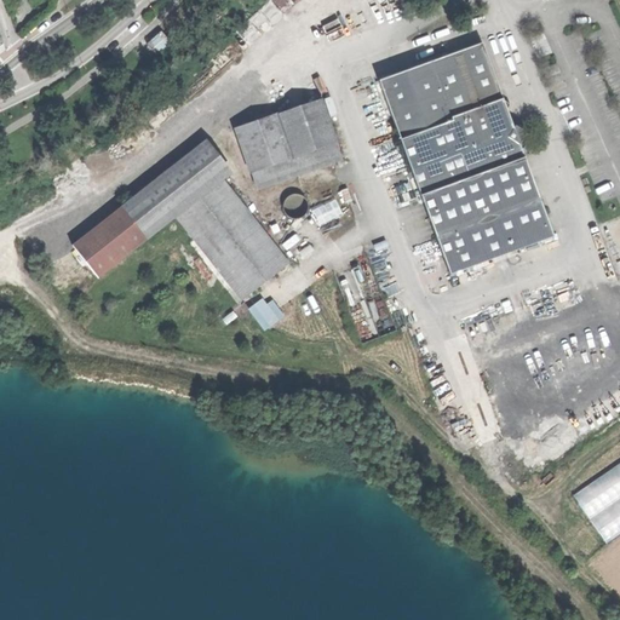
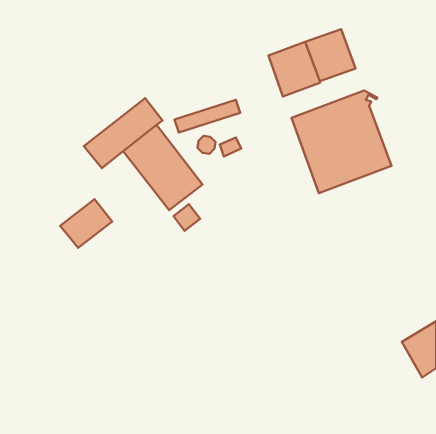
building: [401,97,516,167] -> none
building: [234,98,334,170] -> none
building: [70,207,144,276] -> [60,199,112,248]

